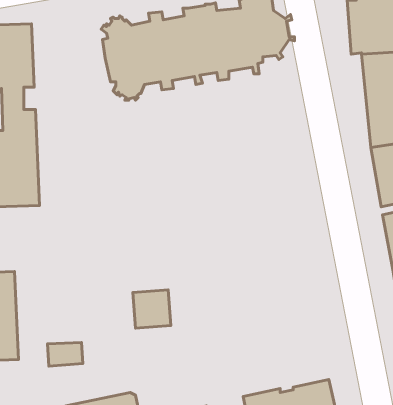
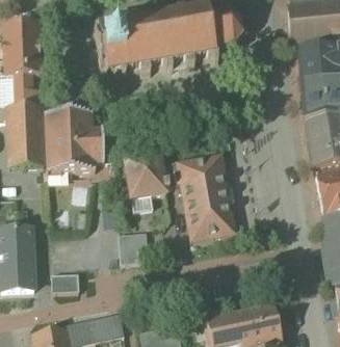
building: none -> [45,112,105,172]
building: none -> [126,154,237,242]

